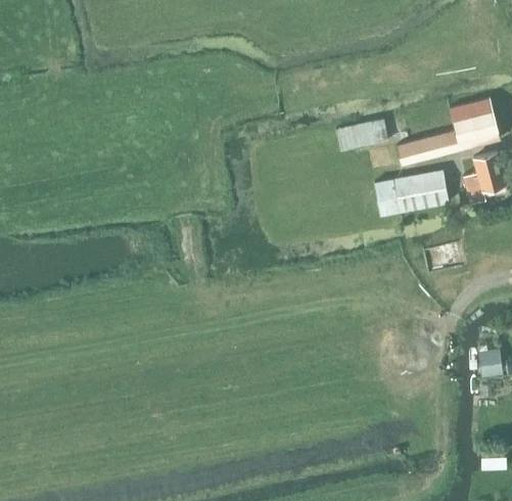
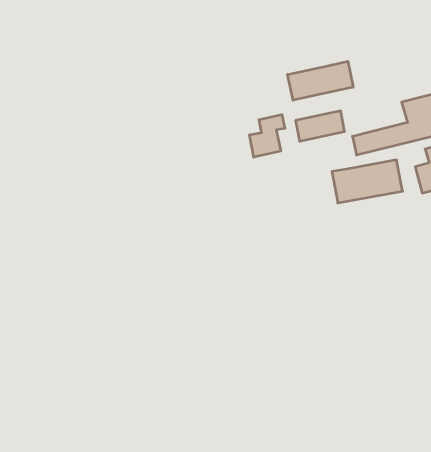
building: none -> [288,61,353,100]
building: none -> [250,115,285,157]

